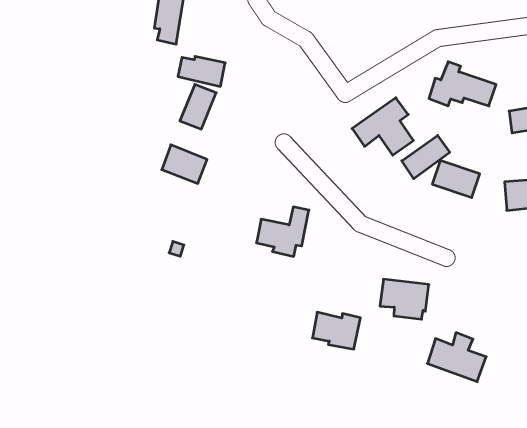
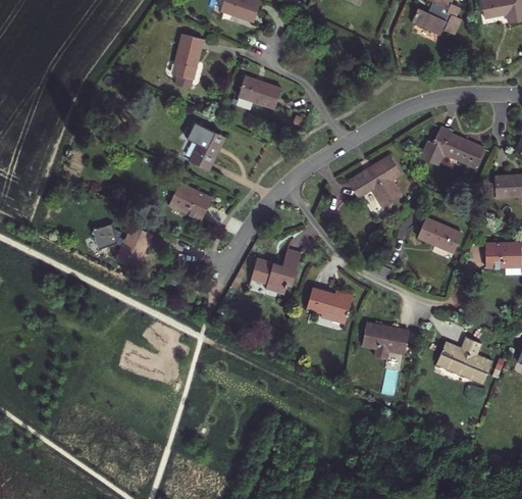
building: [178,56,225,86] -> [238,80,282,109]
building: [402,135,450,179] -> none
building: none -> [92,222,152,267]
building: [312,312,360,349] -> [307,287,353,323]
building: [427,333,486,382] -> [437,336,492,383]

